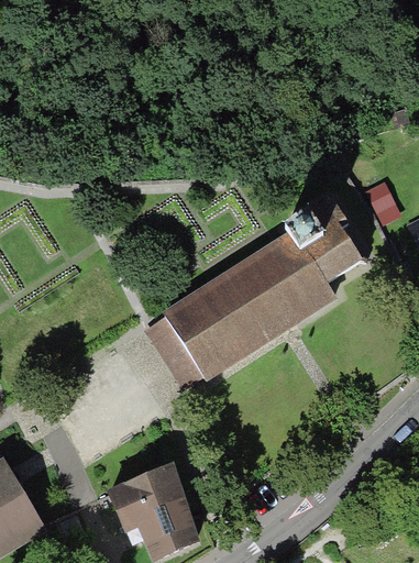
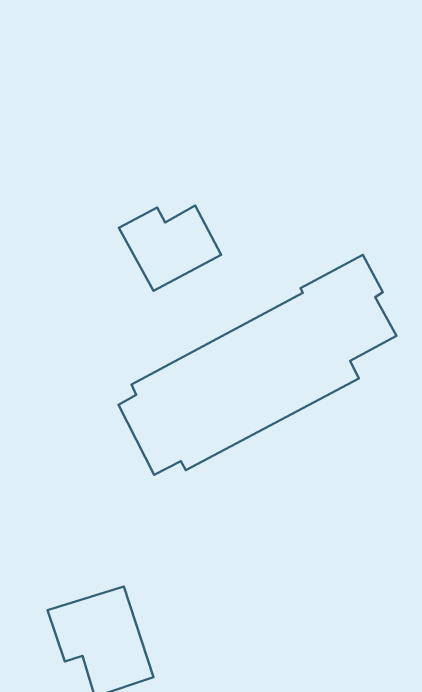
building: none -> [119,205,221,291]

